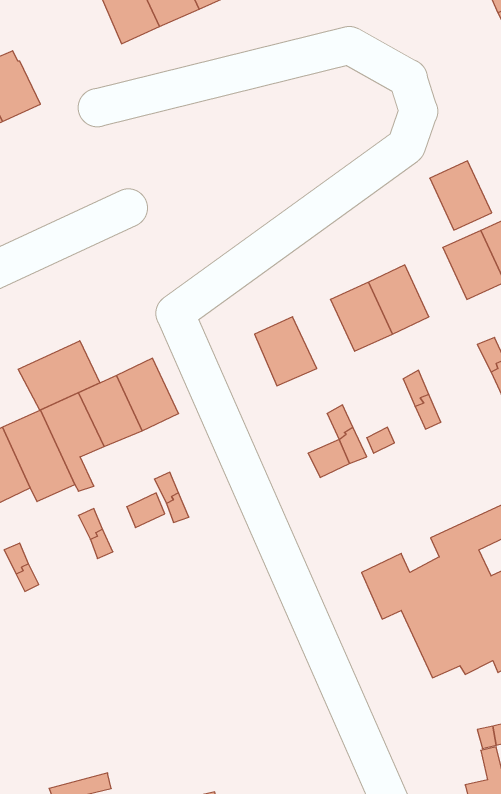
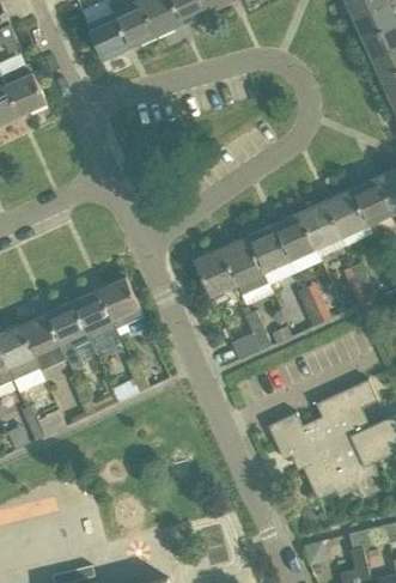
building: [430,161,492,230] -> [299,201,342,249]
building: none -> [221,237,268,296]
building: [18,341,100,410] -> none

